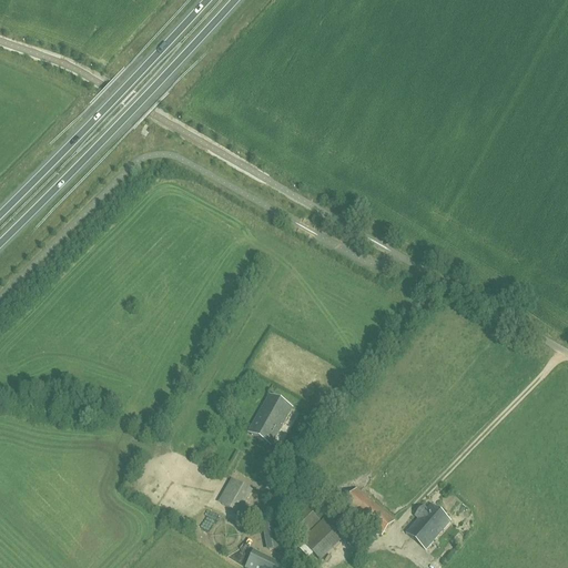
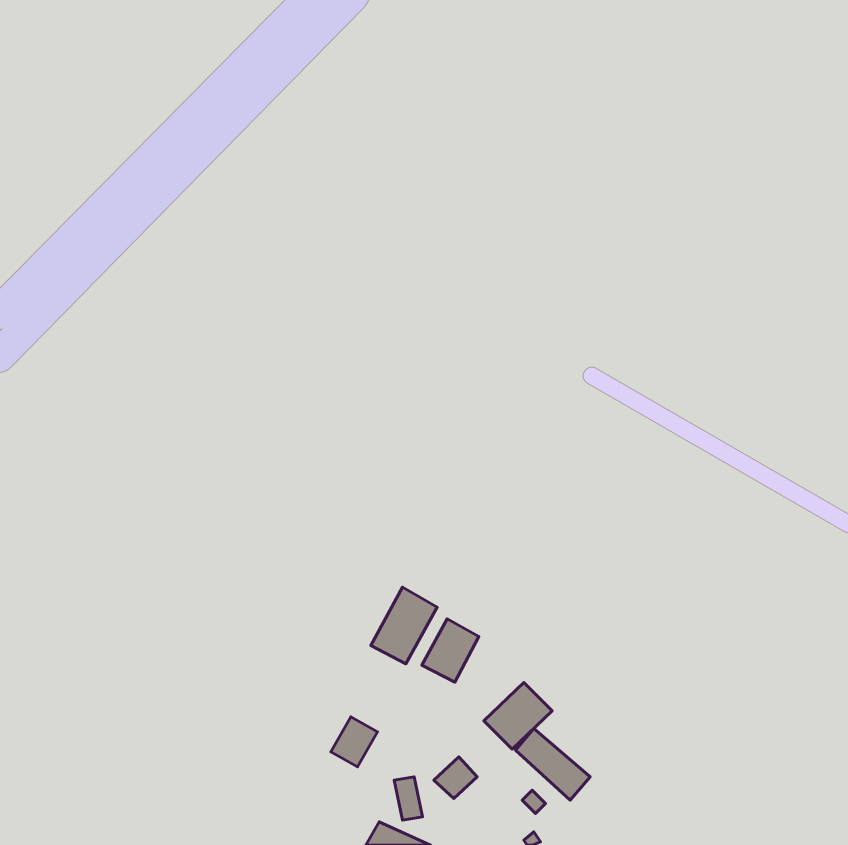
building: none -> [422,619,479,682]
building: [406,503,450,548] -> none
building: [301,514,346,558] -> [484,683,552,749]

